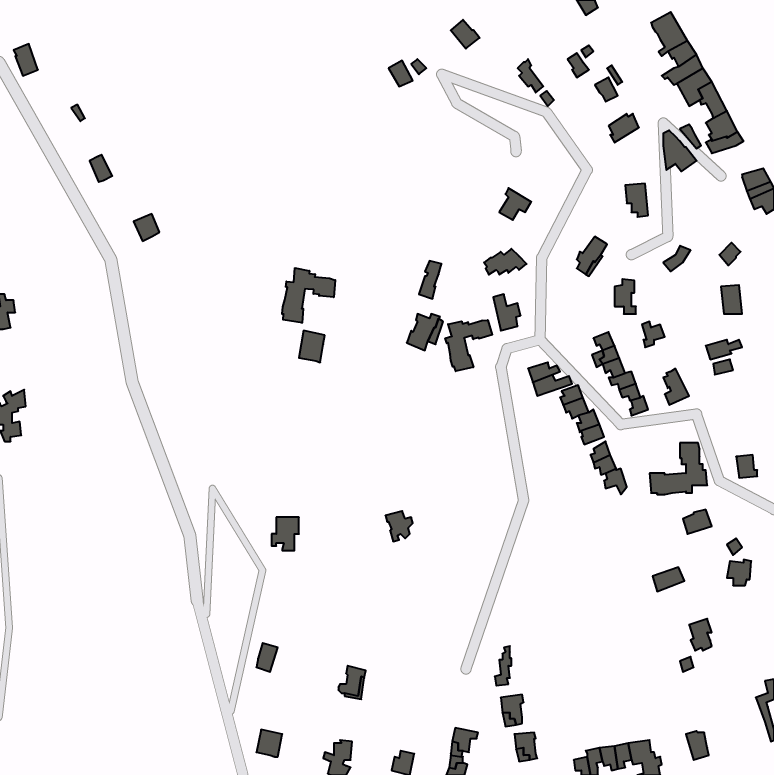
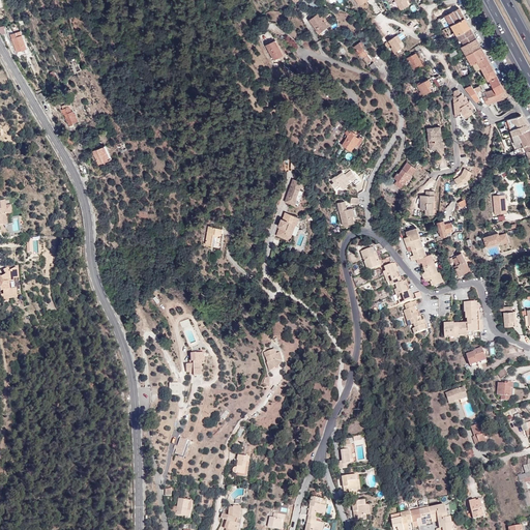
building: [282,268,335,323] -> none
building: [445,320,492,371] -> none

